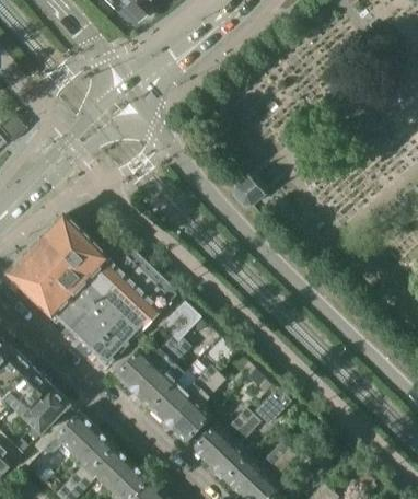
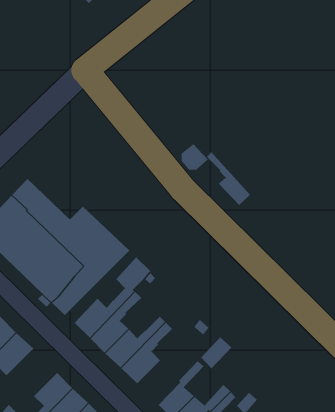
building: none -> [206,152,251,206]
building: [190,408,252,464] -> none
building: [40,410,96,456] -> none

